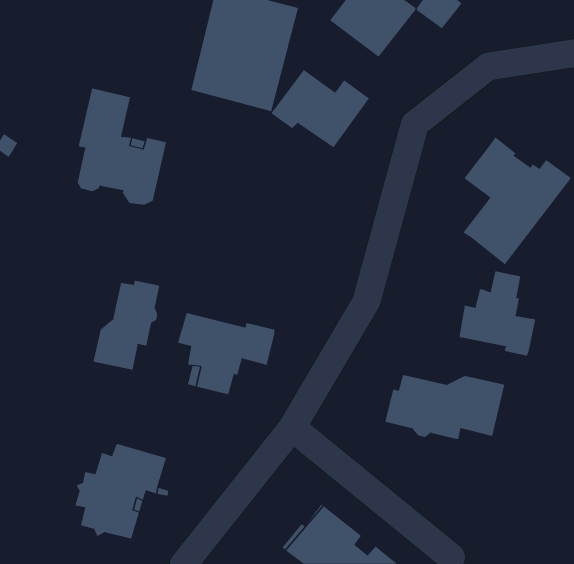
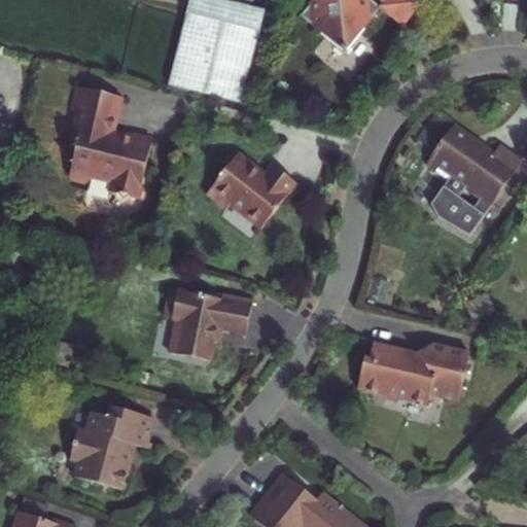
building: [271,69,370,148] -> [207,153,297,225]
building: [459,271,536,357] -> none
building: [93,280,160,371] -> none

